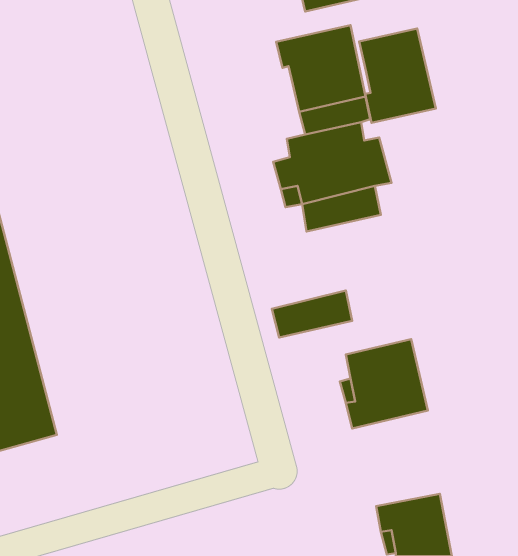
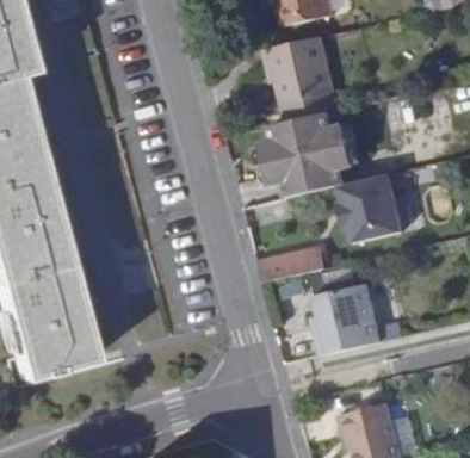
building: [359,29,436,123] -> none
building: none -> [340,173,404,242]

